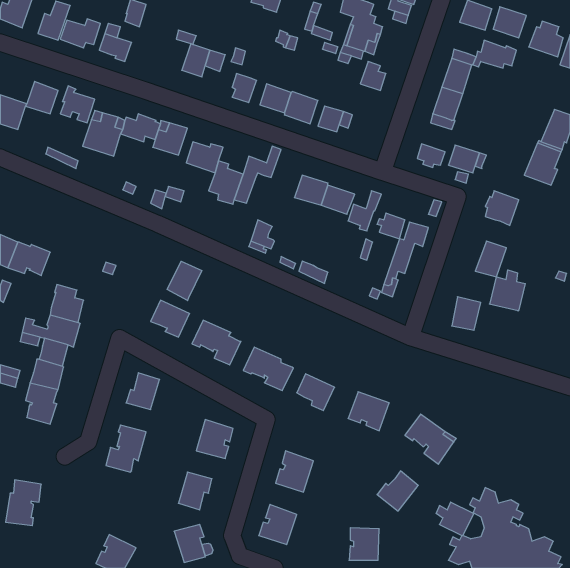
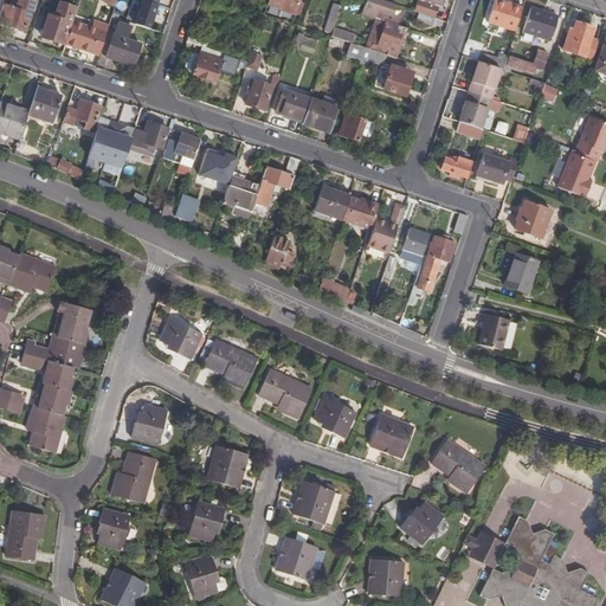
building: [167,261,202,301] -> none
building: [489,270,525,311] -> none
building: none -> [97,507,129,548]

